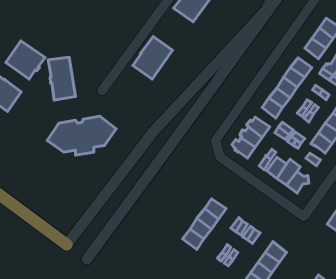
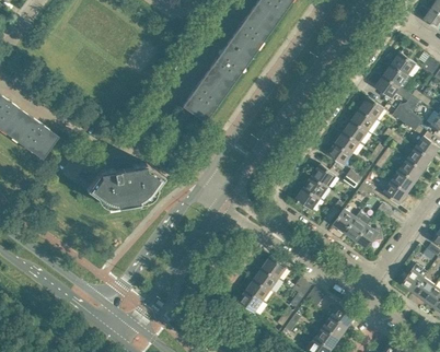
building: none -> [205,42,250,89]
building: [6,41,45,79] -> none
building: [48,57,76,100] -> none

